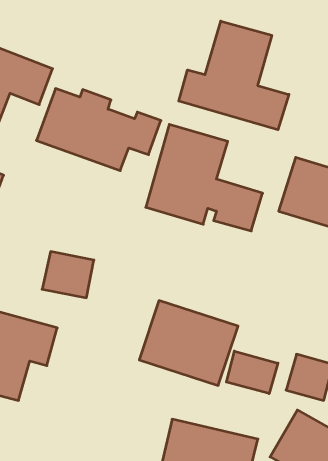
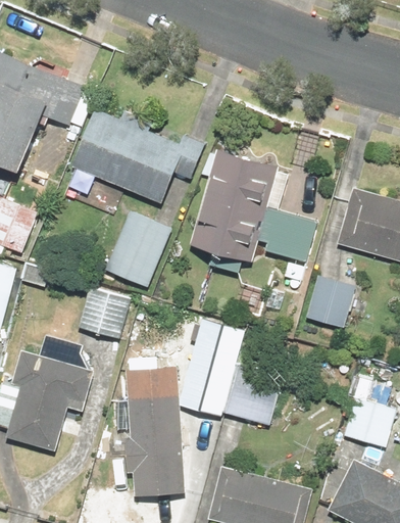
building: [179,21,289,130] -> none
building: none -> [106,212,170,285]
building: none -> [305,278,354,327]
building: none -> [123,356,180,495]
building: [226,351,278,394] -> none

